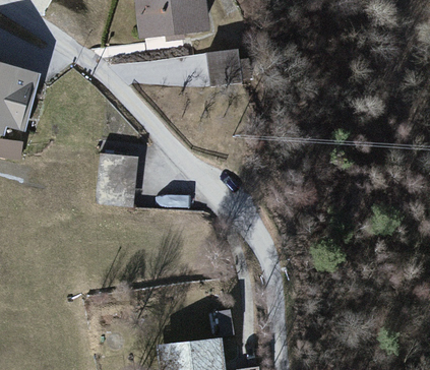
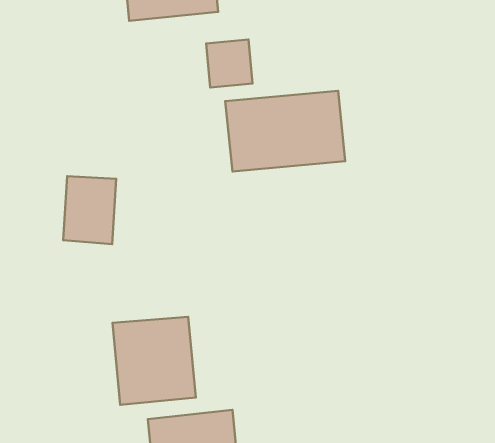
building: none -> [225,91,345,172]
building: none -> [113,317,196,405]

